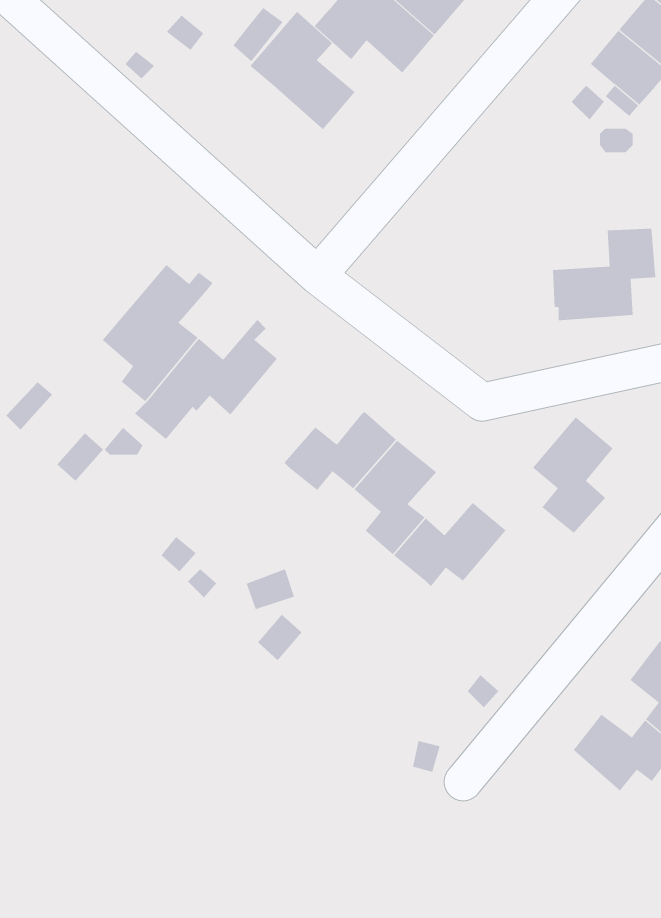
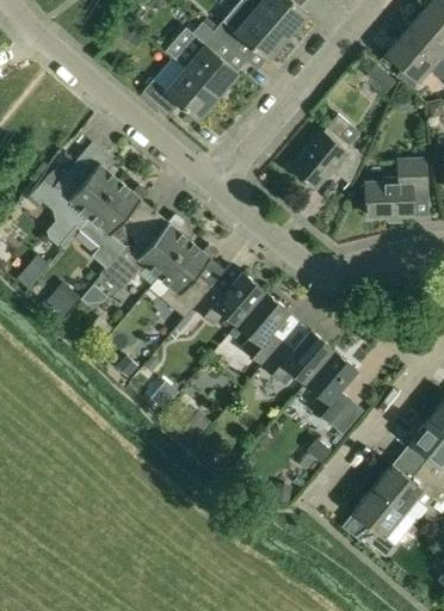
building: none -> [143,68,218,121]
building: none -> [291,115,362,189]
building: none -> [29,158,119,247]
building: none -> [160,241,218,317]
building: [532,416,613,534] -> [307,350,358,424]
building: none -> [356,488,415,557]

